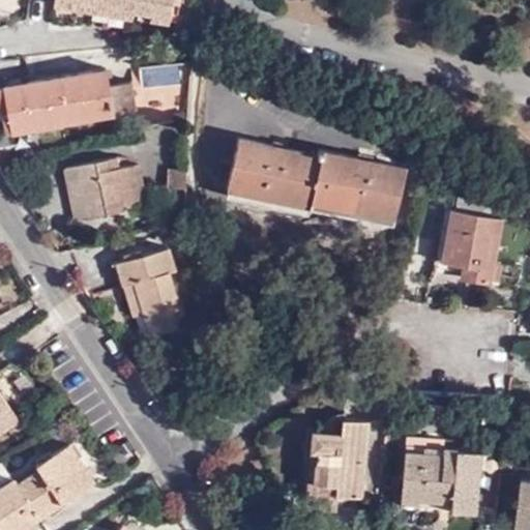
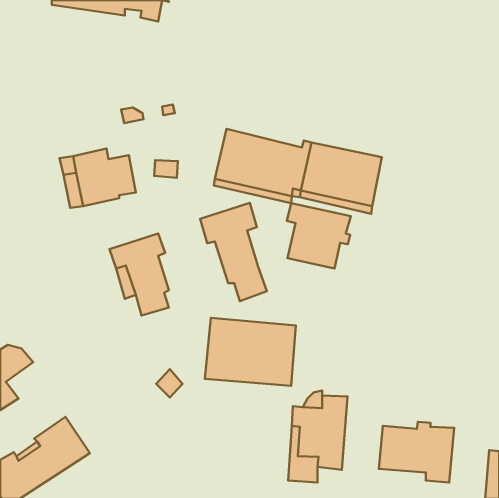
building: [5,69,136,132] -> none
building: [444,210,500,284] -> none
building: none -> [200,203,267,301]
building: none -> [287,203,351,269]
building: none -> [205,318,296,386]

